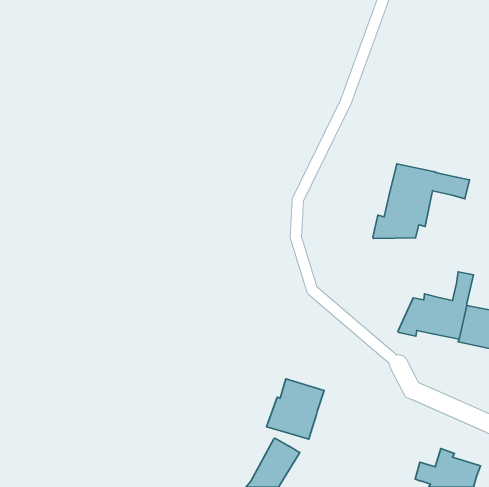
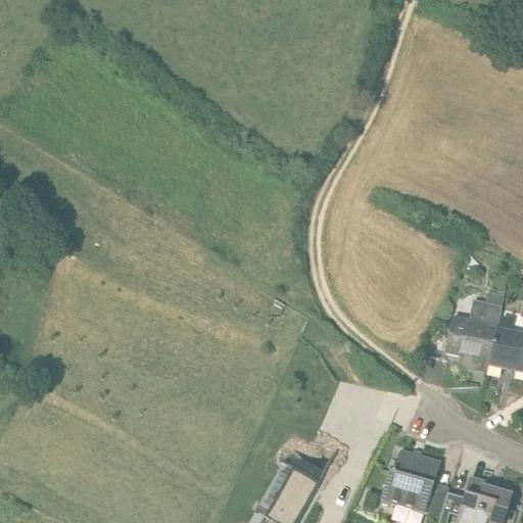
building: [373,164,470,239] -> none
building: [267,379,324,439] -> [381,448,442,513]

